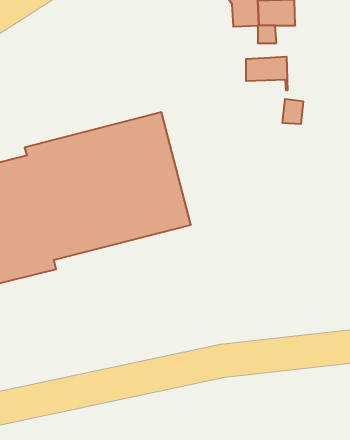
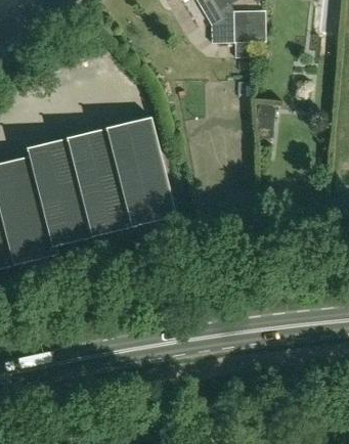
building: [246,57,287,90] -> none

